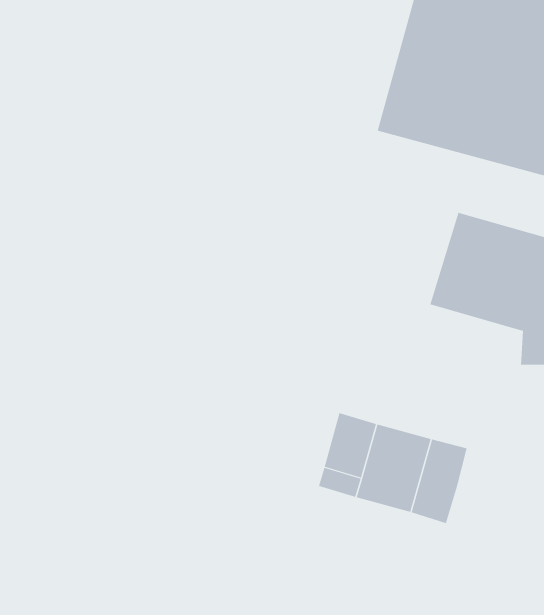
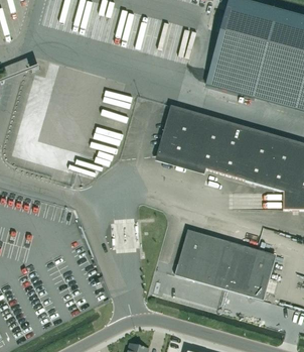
building: none -> [156,105,249,177]
building: none -> [243,253,274,299]

